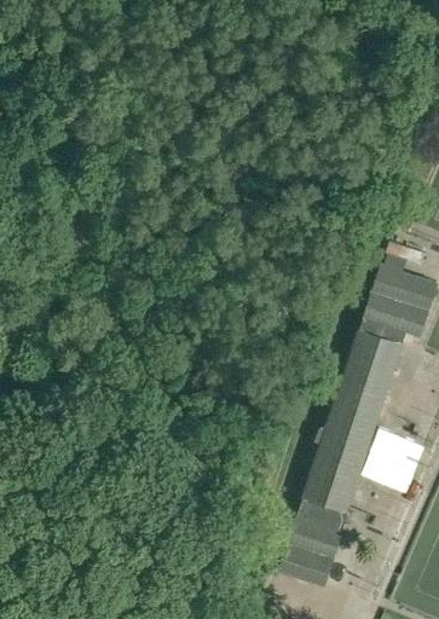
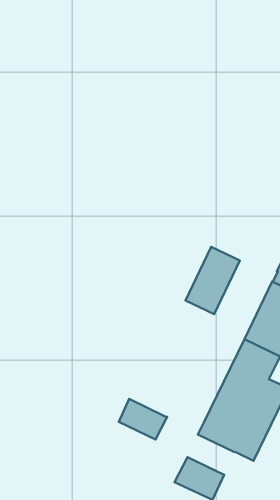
building: none -> [185,247,240,314]
building: [290,509,345,551] -> [119,399,167,439]

